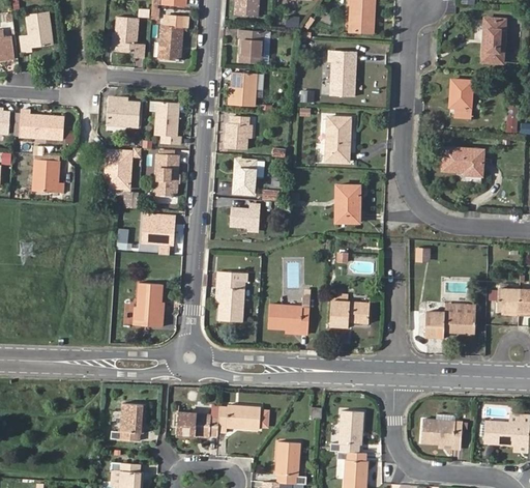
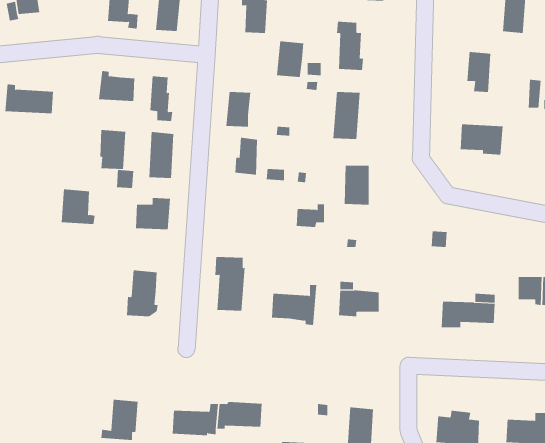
building: [232,73,258,107] -> [276,41,304,78]
building: [36,159,68,192] -> [61,189,95,225]
building: [232,205,259,227] -> [296,204,325,227]

